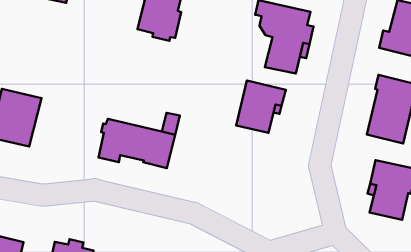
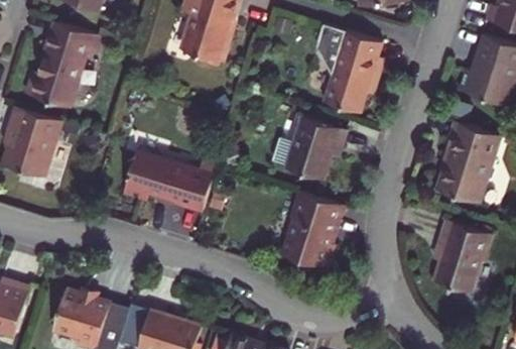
building: none -> [25,22,100,108]
building: none -> [284,192,342,269]

